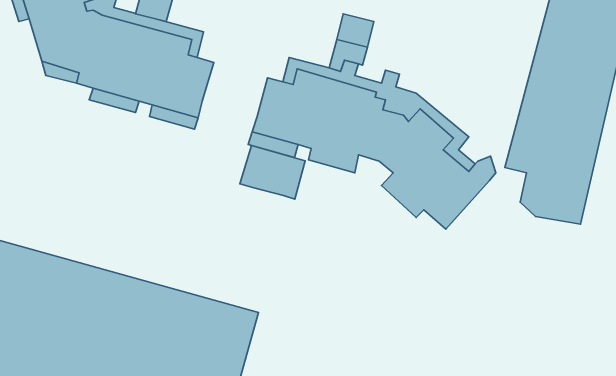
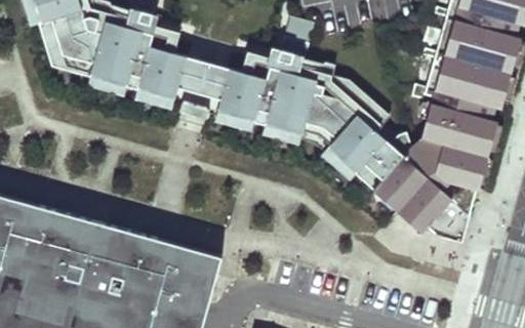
building: [240,145,305,199] -> [176,57,229,100]
building: none -> [371,152,472,247]

